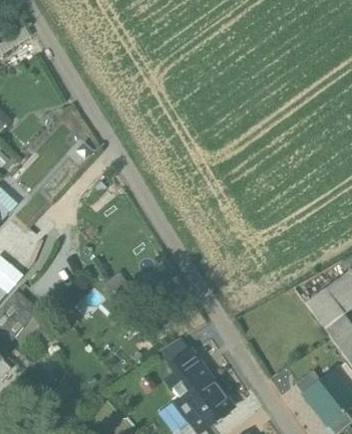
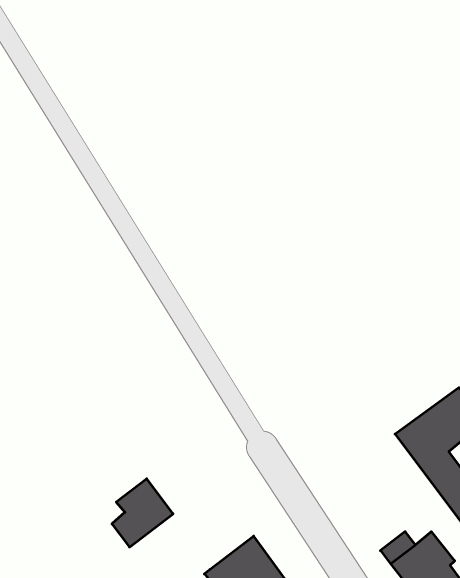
building: [165,349,208,396] -> [112,479,173,547]

